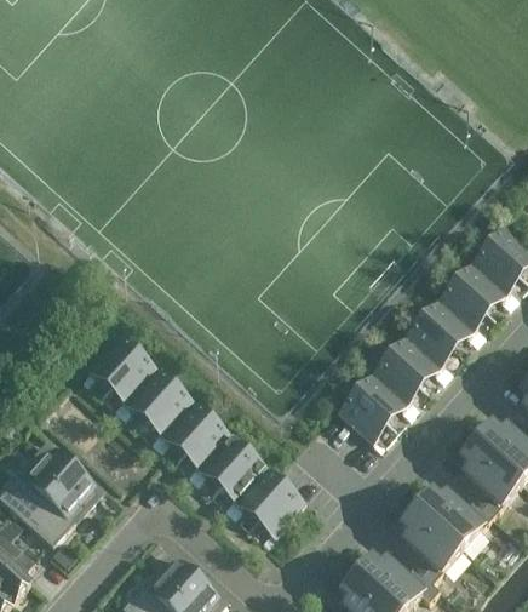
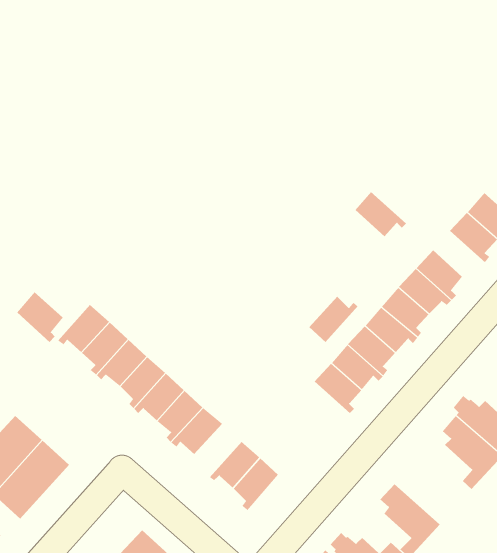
building: [453,263,504,308] -> [355,191,407,237]
building: none -> [17,291,63,343]
building: none -> [309,296,359,343]
building: [220,451,266,503] -> none
building: [415,493,490,549] -> none

